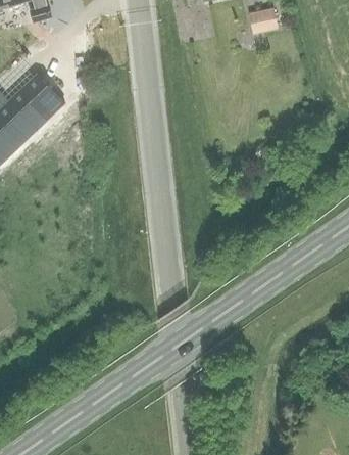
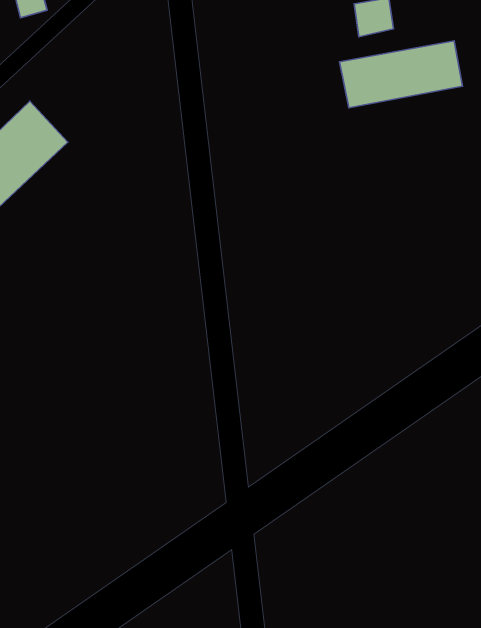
building: none -> [340,41,462,108]

